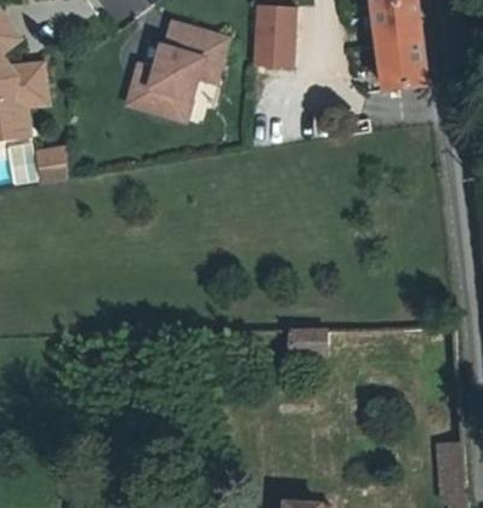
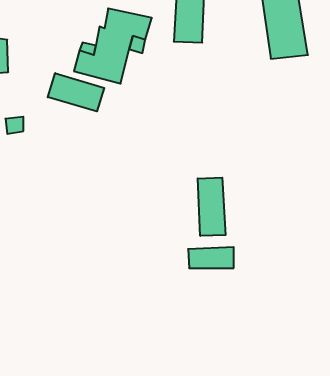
building: none -> [48,73,104,111]
building: none -> [198,178,226,236]

